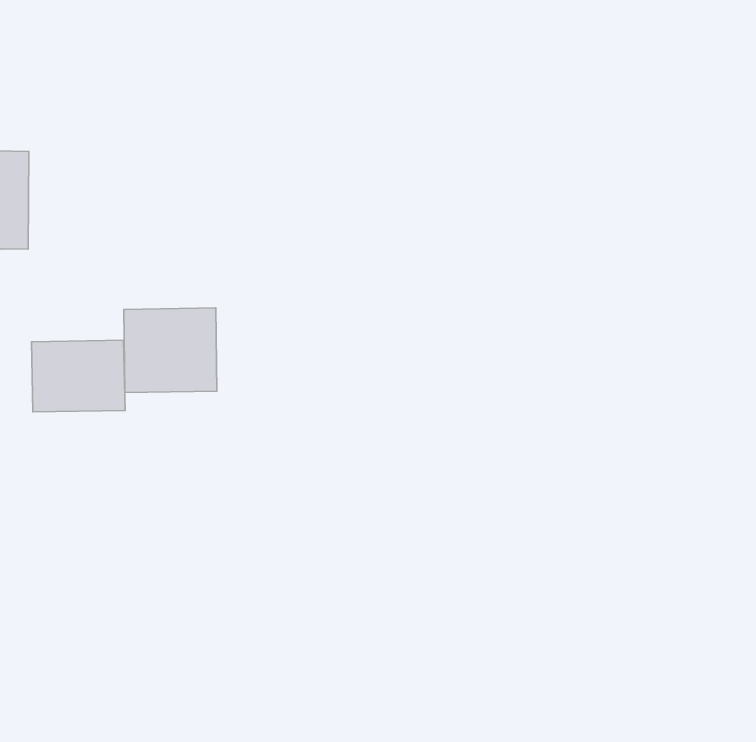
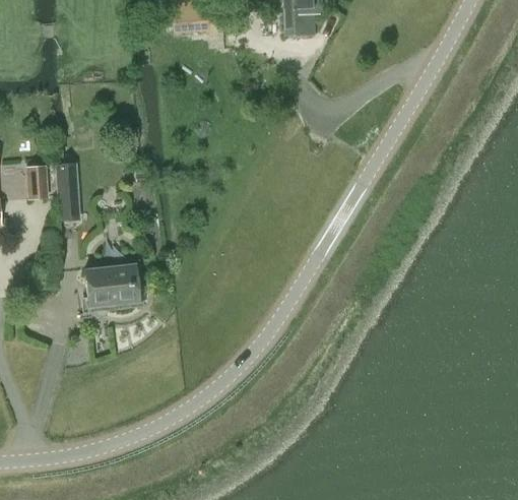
building: [124,308,217,393] -> none

